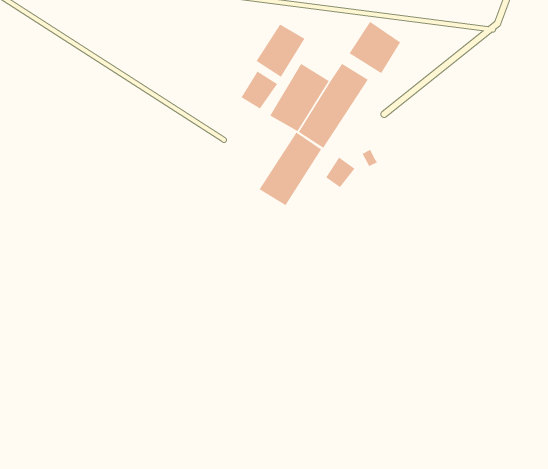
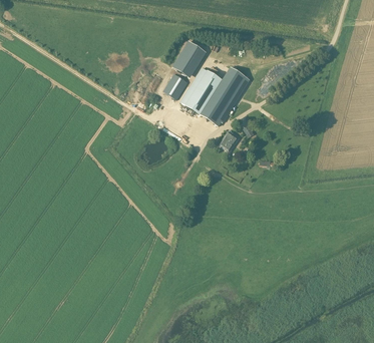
building: [349,21,401,74] -> none
building: [258,131,322,206] -> none

